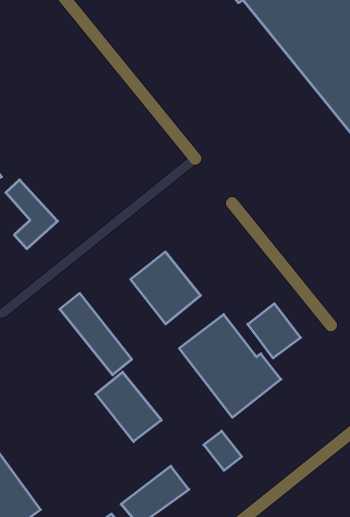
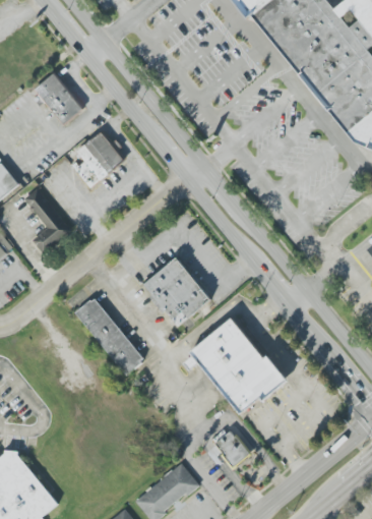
building: none -> [34,72,82,124]
building: none -> [66,127,127,187]
building: [248,304,301,358] -> none
building: [96,372,161,442] -> none

